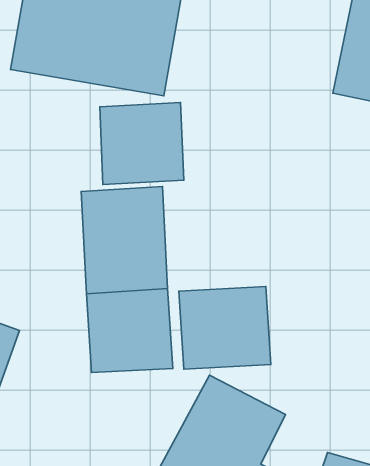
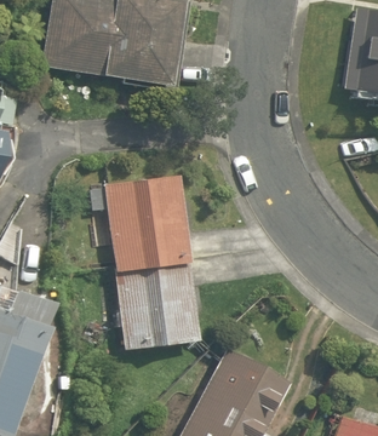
building: [100,103,184,184] -> none
building: [179,286,271,369] -> none

